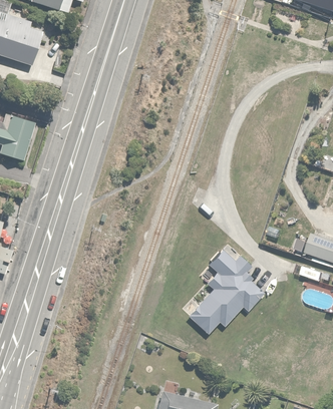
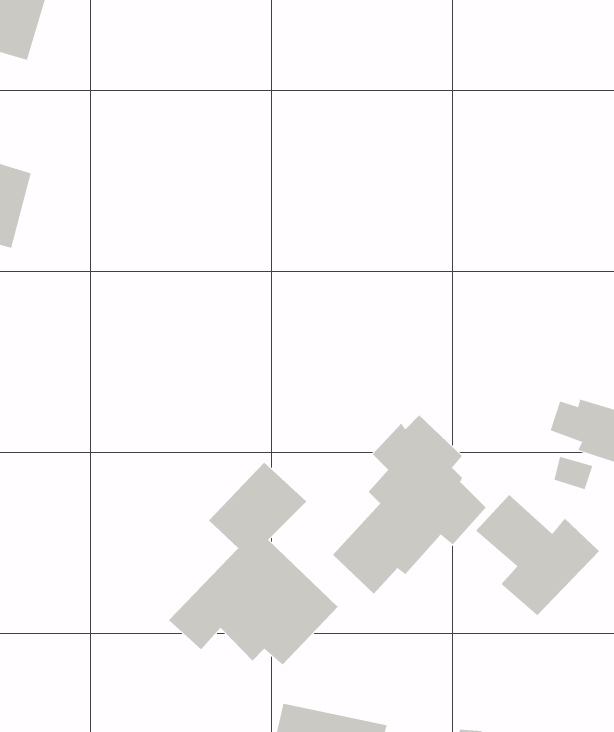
building: none -> [168,462,339,666]
building: none -> [475,494,600,616]

